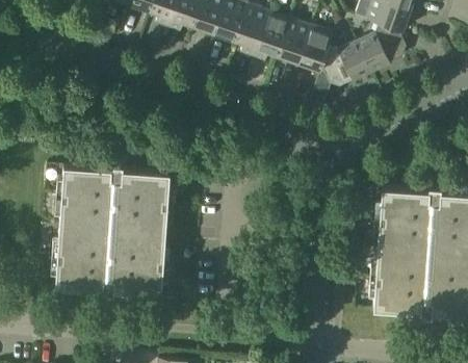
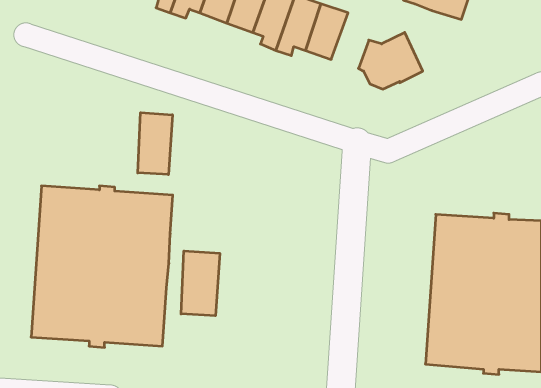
building: [357,23,407,72] -> none
building: [297,25,333,70] -> none
building: none -> [138,113,172,175]
building: none -> [181,251,220,316]

